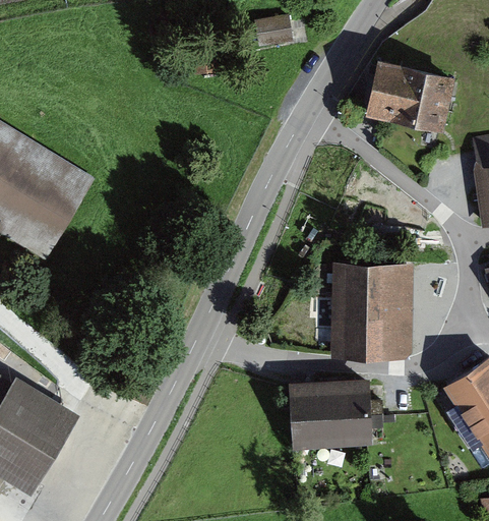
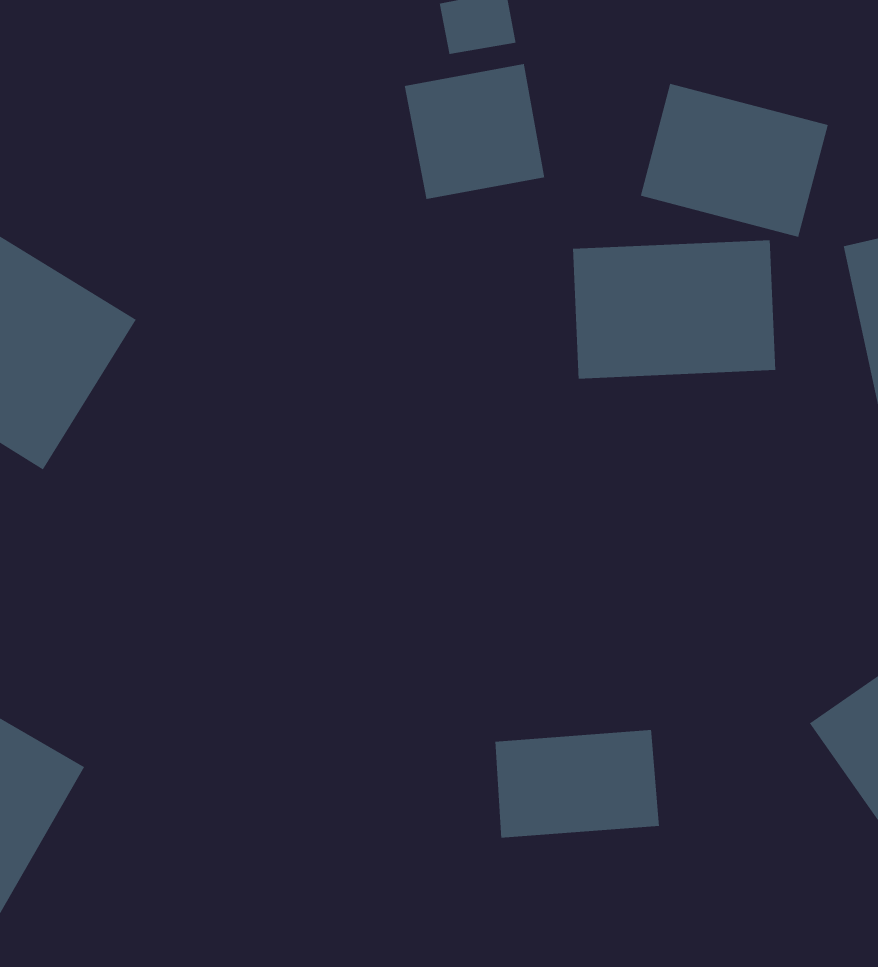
building: none -> [404,63,545,200]
building: none -> [572,240,776,379]
building: [329,262,417,357] -> none

